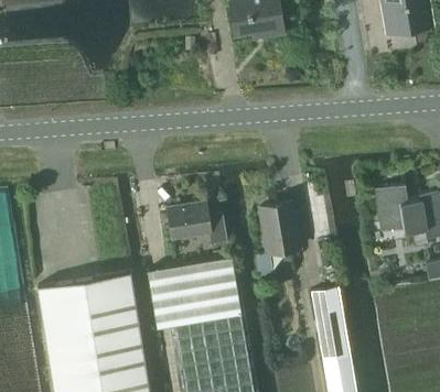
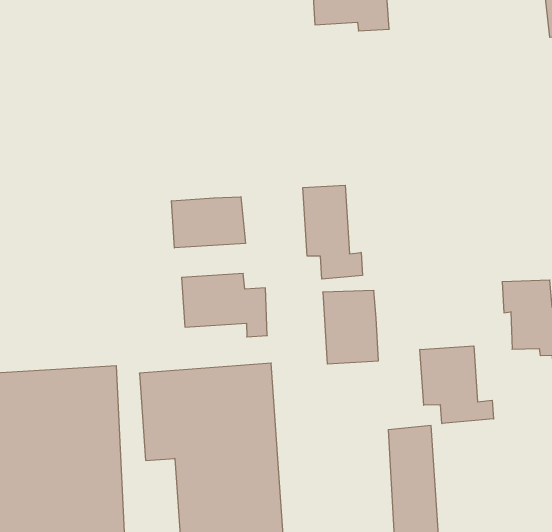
building: none -> [303,185,362,279]
building: none -> [172,197,245,248]
building: none -> [420,346,494,424]

